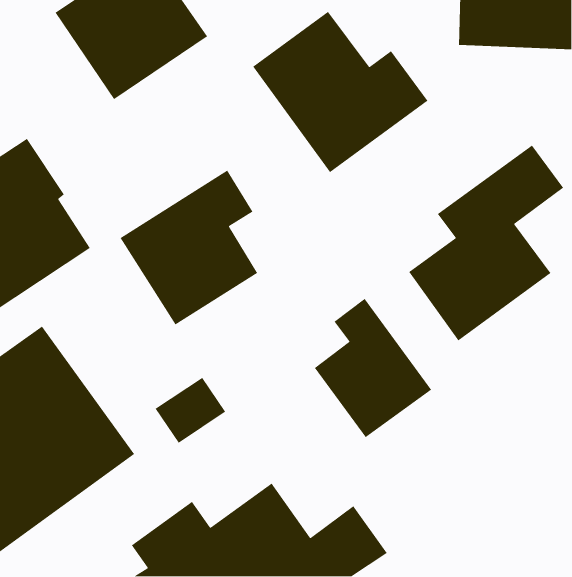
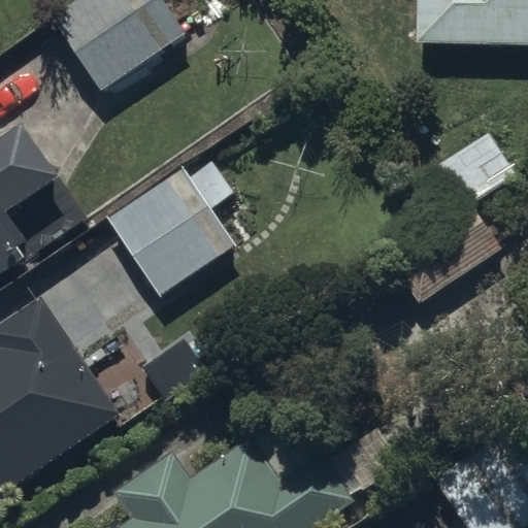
building: [252,11,429,173] -> none
building: [314,298,432,438] -> none

